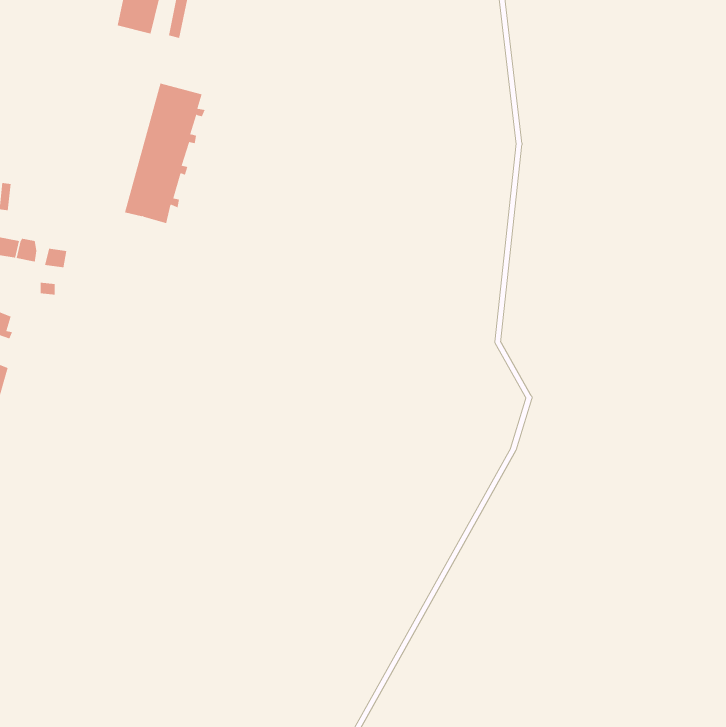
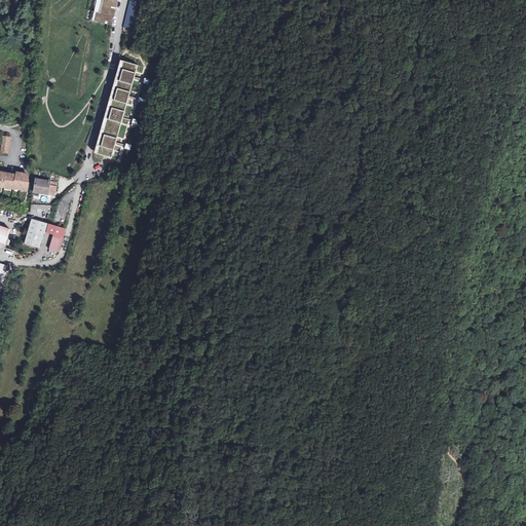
building: none -> [24,218,65,252]

